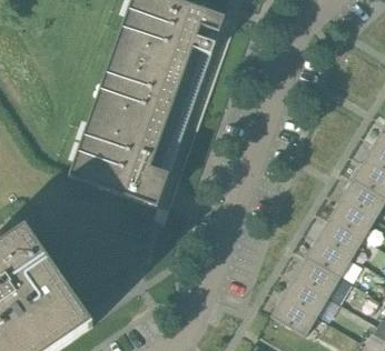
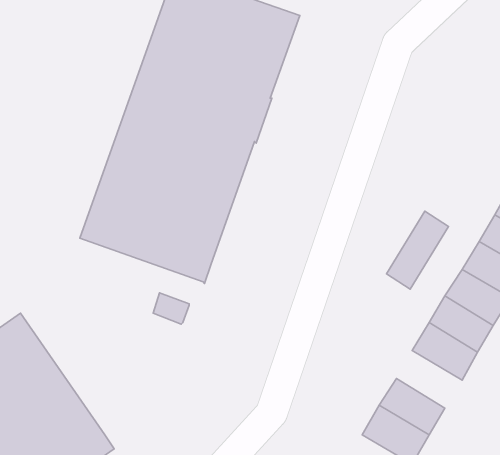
building: none -> [386,211,449,289]
building: [295,254,342,295] -> none

